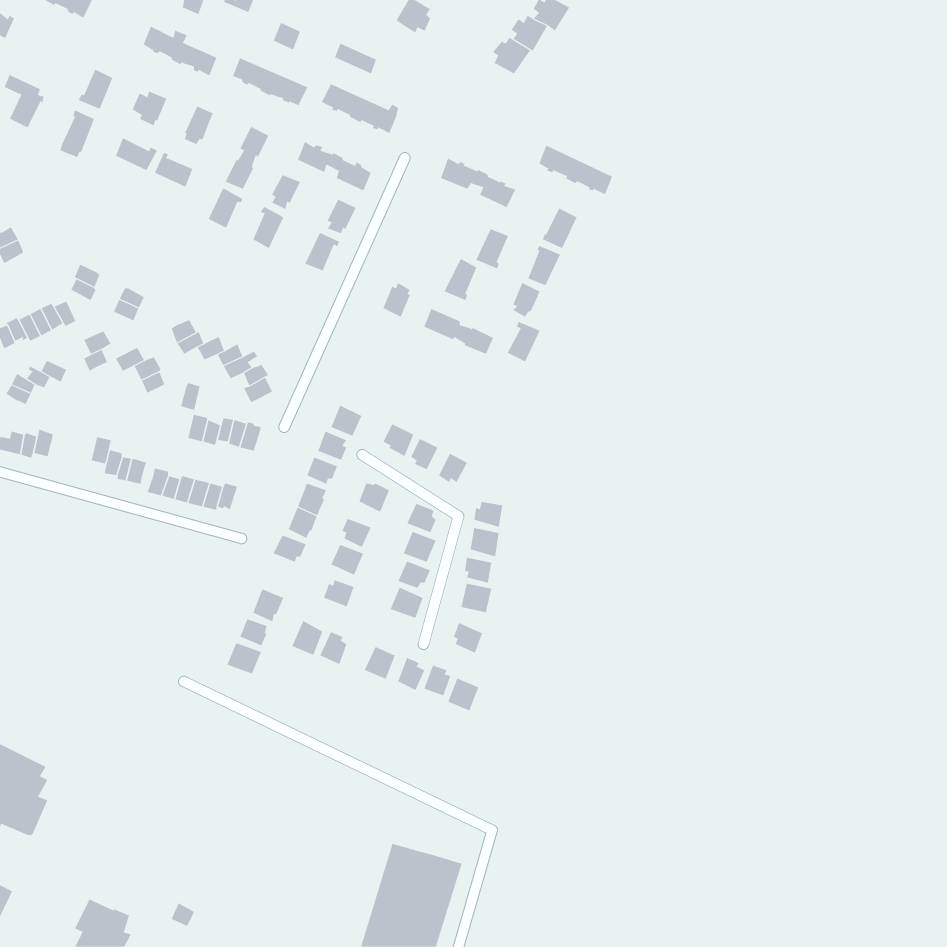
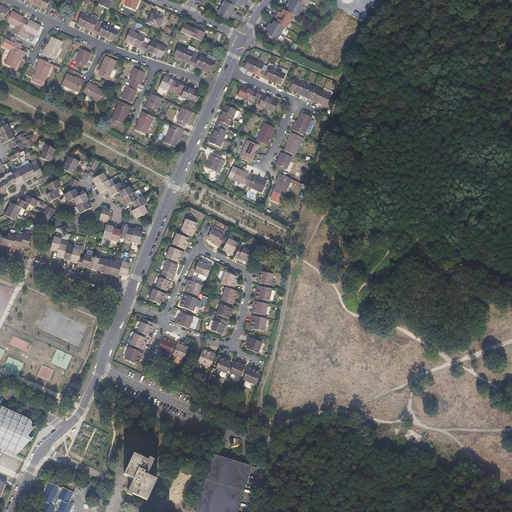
building: none -> [7,12,40,41]
building: none -> [244,58,286,84]
building: none -> [209,105,239,146]
building: none -> [124,454,156,501]

